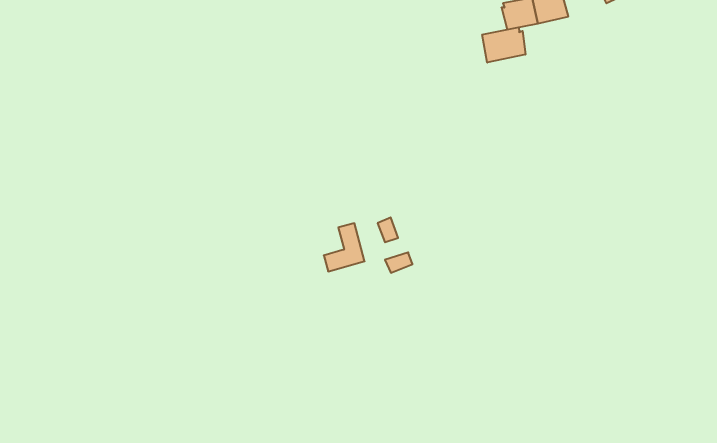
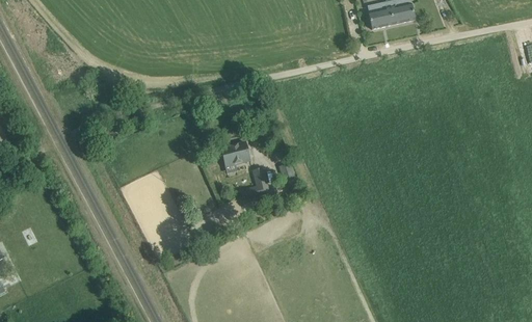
building: [482,27,525,63] -> none
building: none -> [219,140,250,166]

